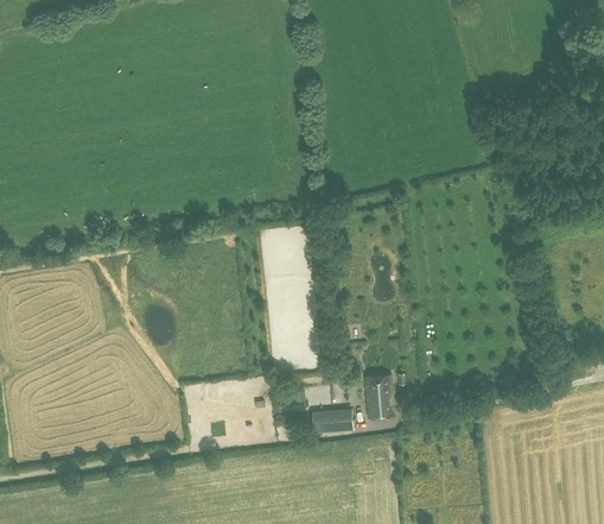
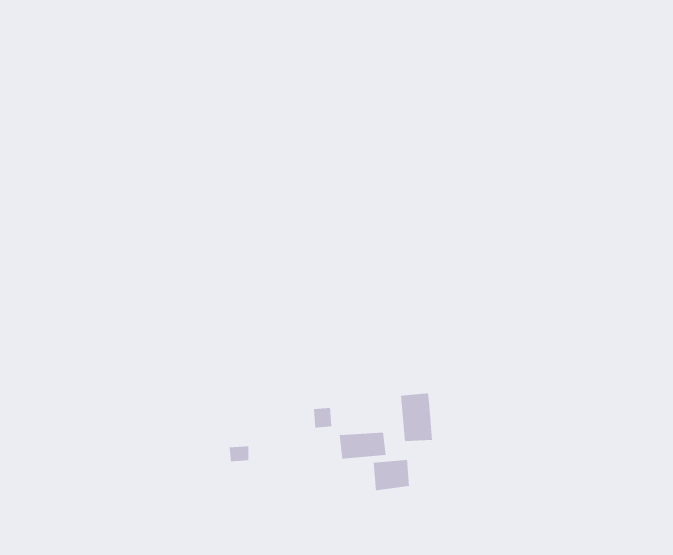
building: none -> [373,459,410,491]

